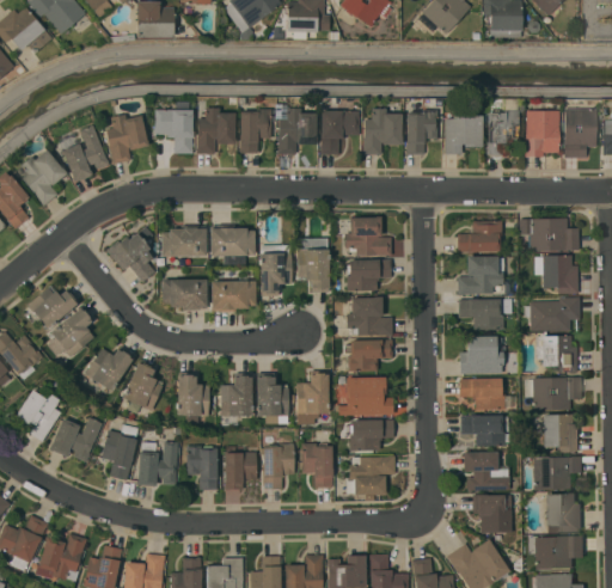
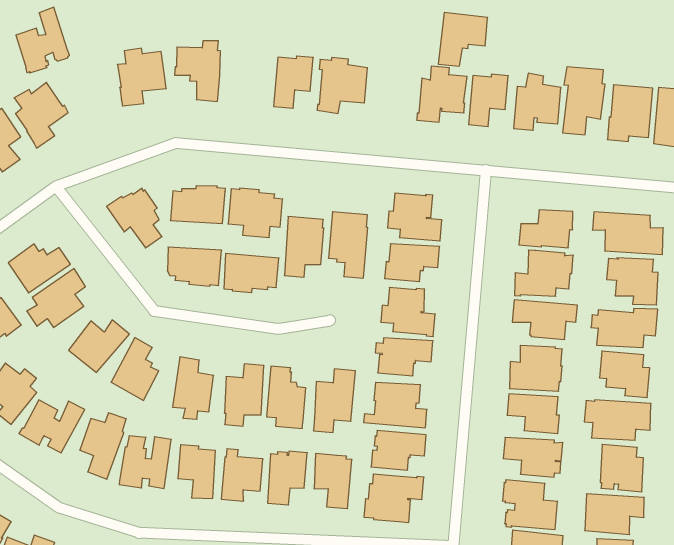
building: [196,108,235,153] -> none
building: [320,110,359,154] -> [438,12,488,66]
building: [62,124,109,182] -> [16,7,69,73]

